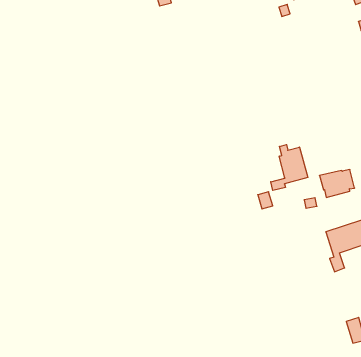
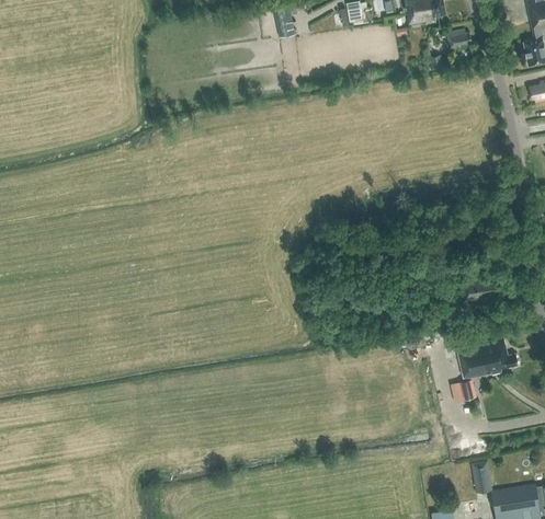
building: [271,145,308,190] -> none

